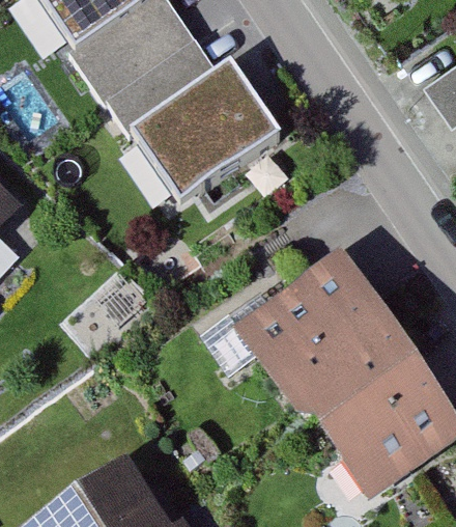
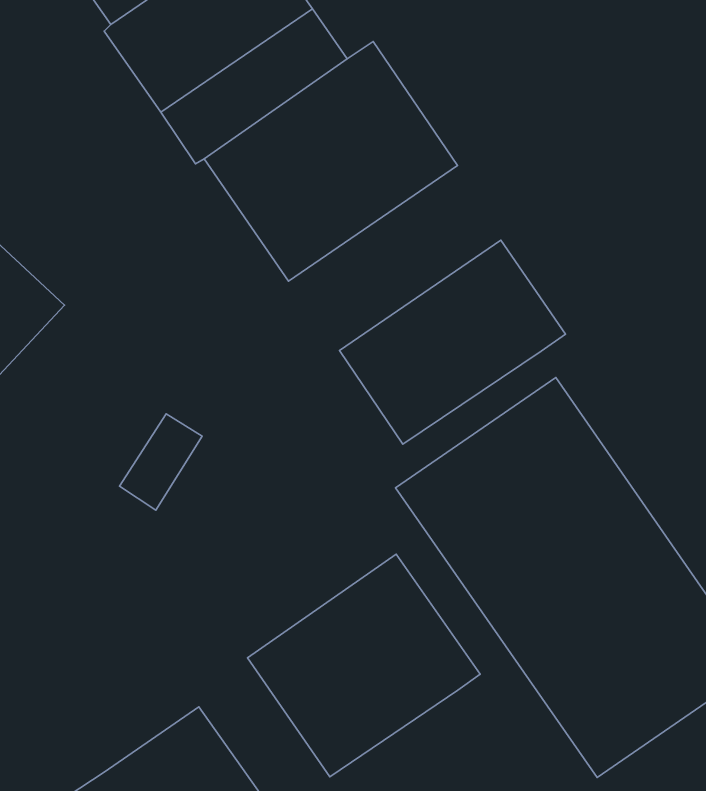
building: none -> [339,240,566,444]
building: none -> [248,554,480,777]

